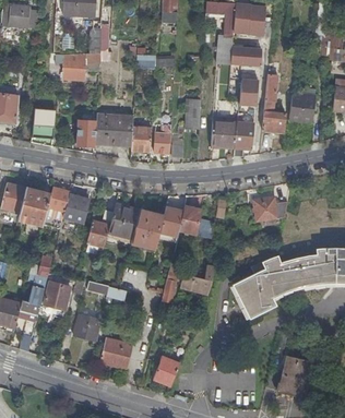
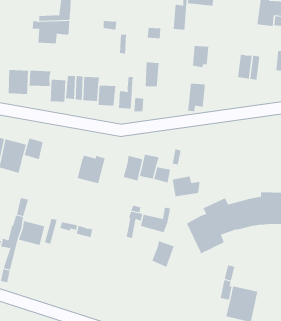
building: [230,49,261,68] -> none
building: [261,74,285,132] -> none
building: none -> [29,70,51,87]
building: [211,121,236,147] -> none
building: [62,193,88,222] -> none
building: [252,195,285,219] -> [172,176,201,197]
building: [86,210,112,247] -> none
building: [131,210,164,249] -> none
building: [73,313,102,341] -> none
building: [99,337,132,370] -> none
building: [153,356,179,386] -> [151,241,174,267]

